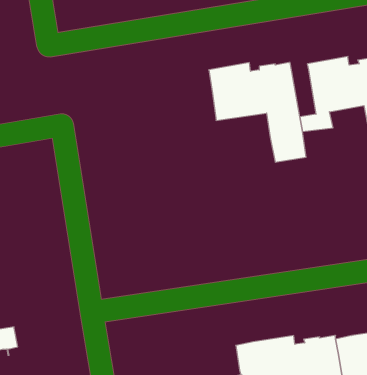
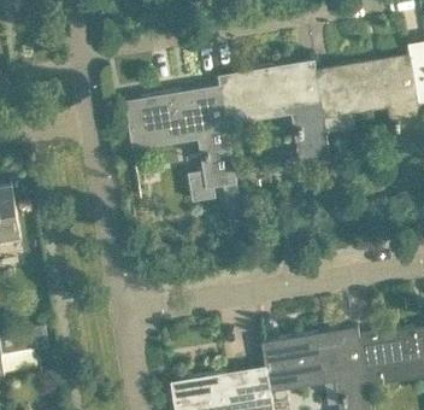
building: none -> [124,89,235,200]

